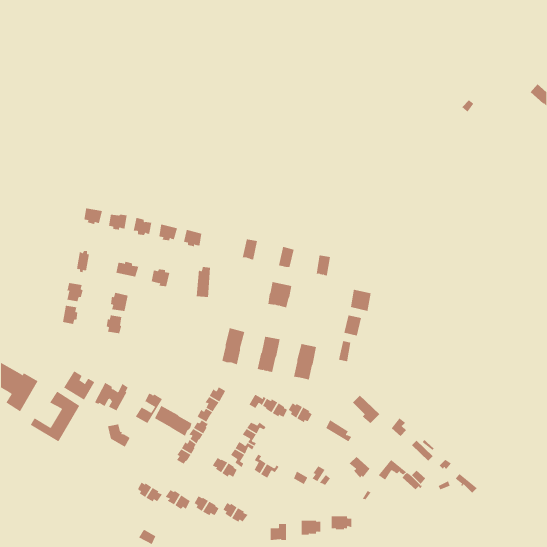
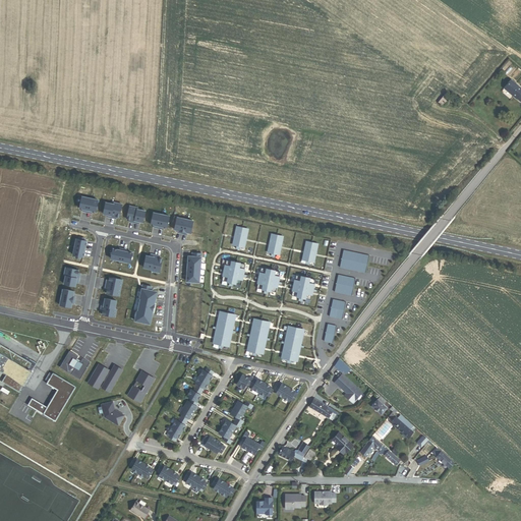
building: none -> [338,250,367,273]
building: none -> [219,260,242,285]
building: none -> [289,276,312,300]
building: none -> [134,285,155,325]
building: [154,405,192,437] -> none

